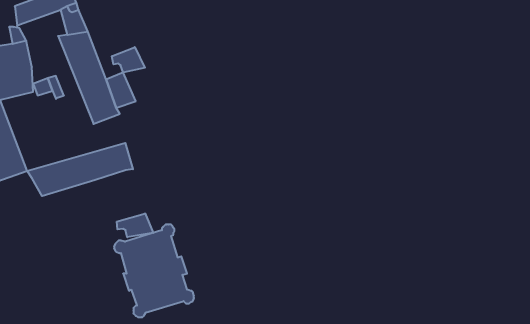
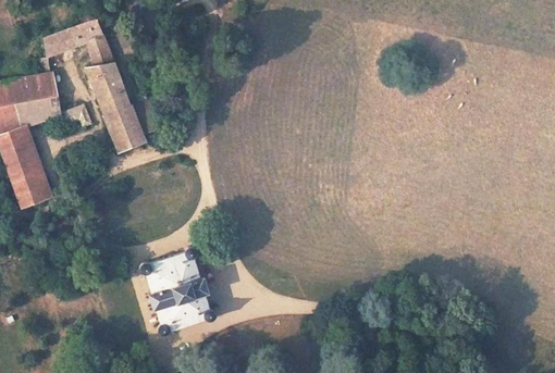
building: [112,47,145,73] -> none
building: [27,143,133,196] -> none
building: [117,213,153,237] -> none

